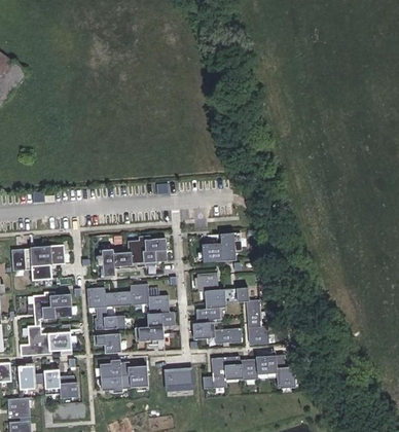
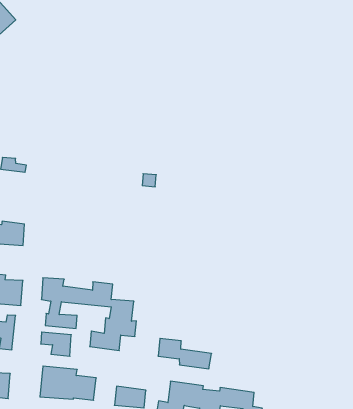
building: [202,232,242,262] -> none
building: [100,236,167,277] -> none
building: [195,273,268,345] -> none

